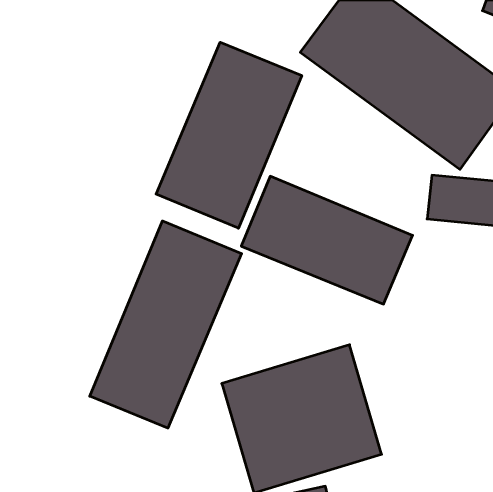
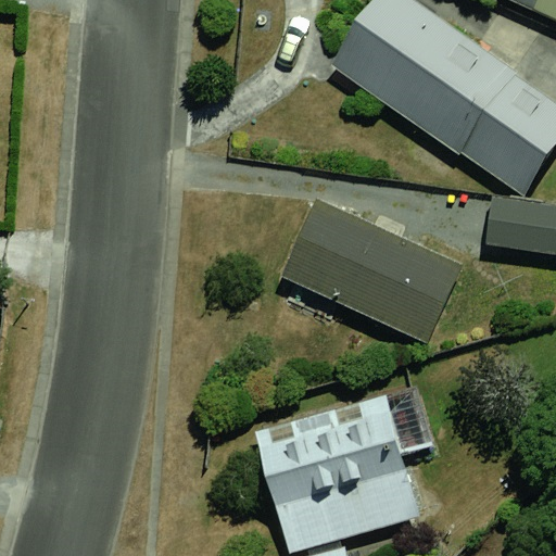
building: [156,42,302,228] -> none
building: [90,221,242,428] -> none

